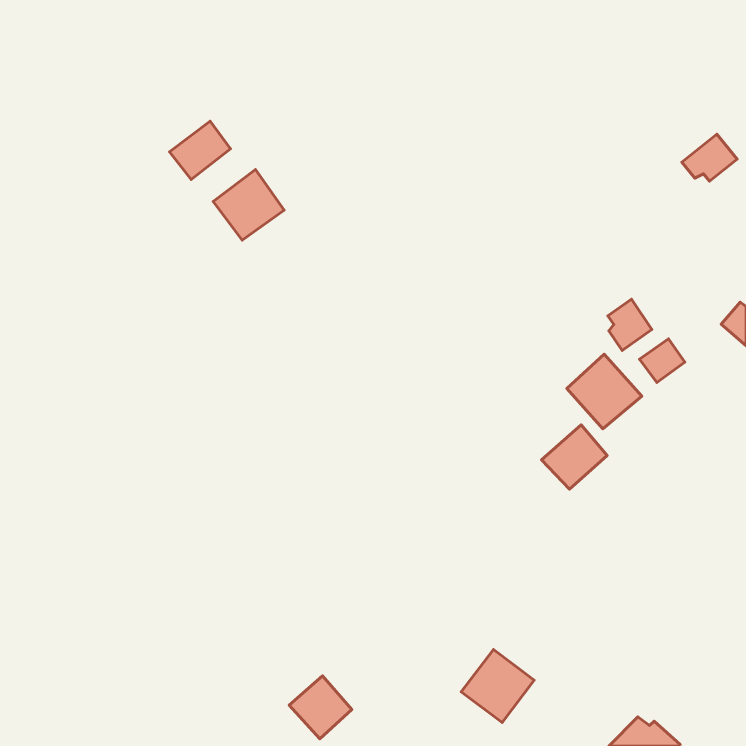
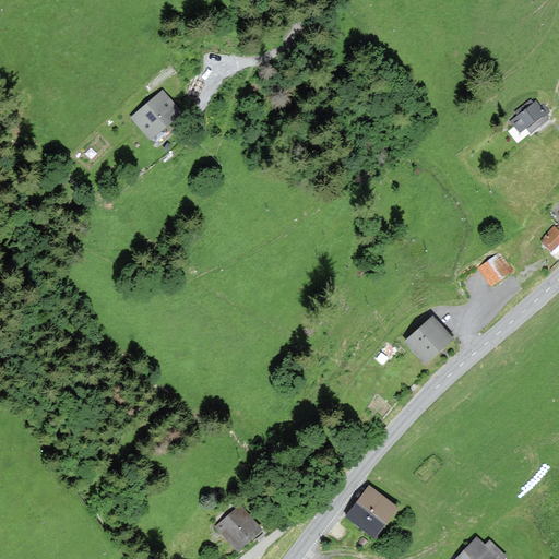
building: [213,170,284,240] -> none
building: [608,299,652,350] -> none
building: [567,354,642,429] -> none

